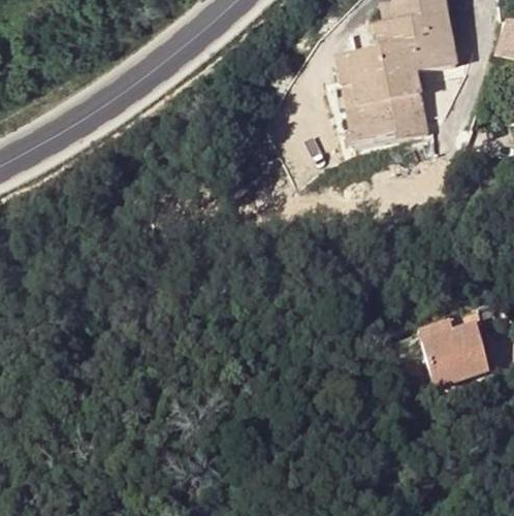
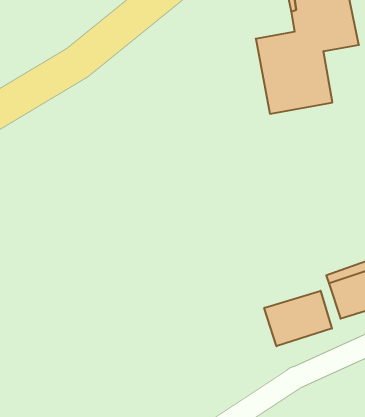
building: none -> [264,291,332,346]

